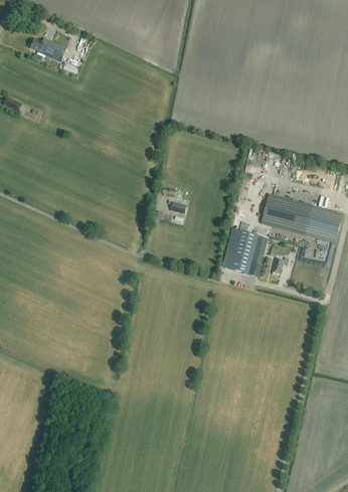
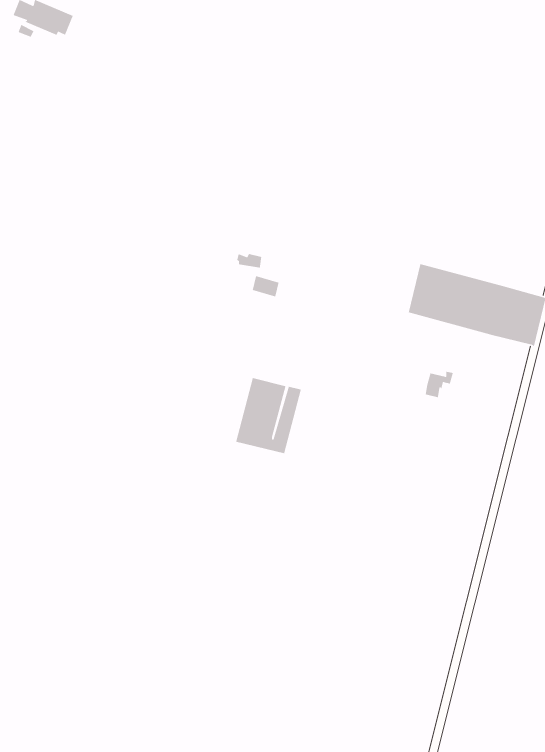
building: [228,229,268,275] -> [235,377,302,454]

